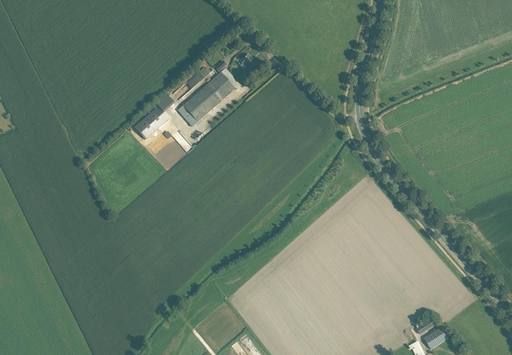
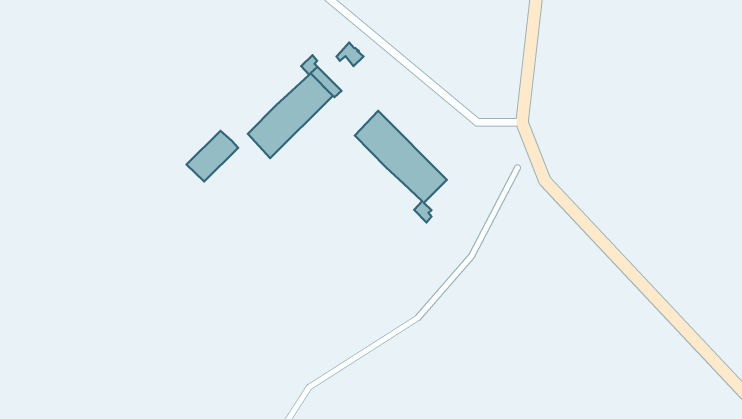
building: none -> [355,111,447,222]

